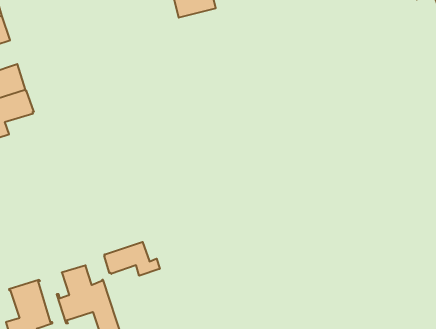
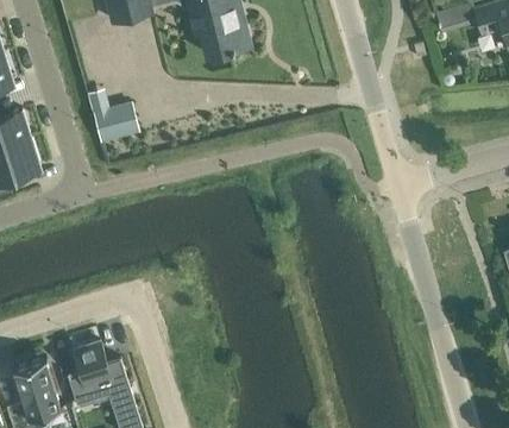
building: none -> [94,105,139,141]
building: [104,242,160,276] -> none

